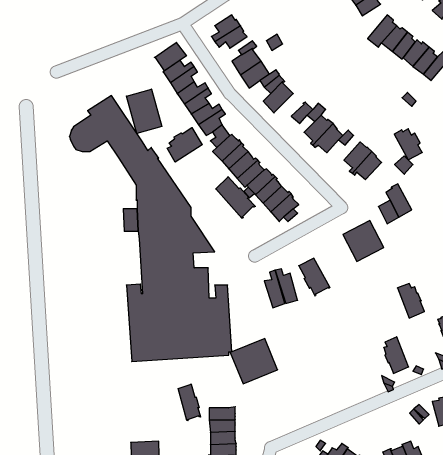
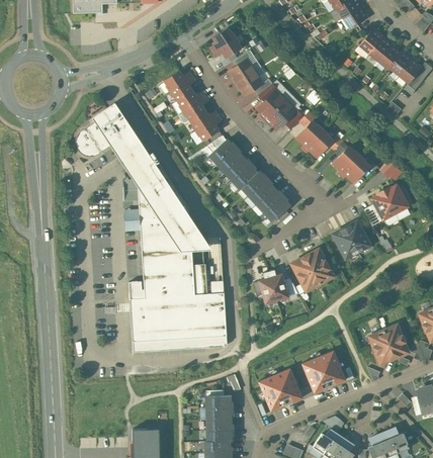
building: [154,42,186,71] -> none
building: [126,89,162,133] -> none
building: none -> [267,101,295,129]
building: [167,128,202,162] -> none
building: [394,129,422,160] -> [383,181,410,210]
building: [216,177,255,218] -> none
building: none -> [305,249,333,283]
building: [397,284,424,318] -> [382,326,408,358]
building: [230,339,278,384] -> [259,368,304,410]
building: none -> [301,350,346,393]
building: [178,384,201,421] -> none

